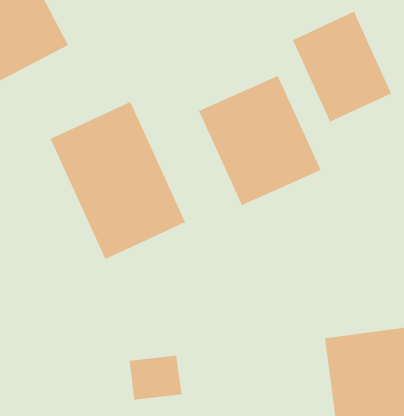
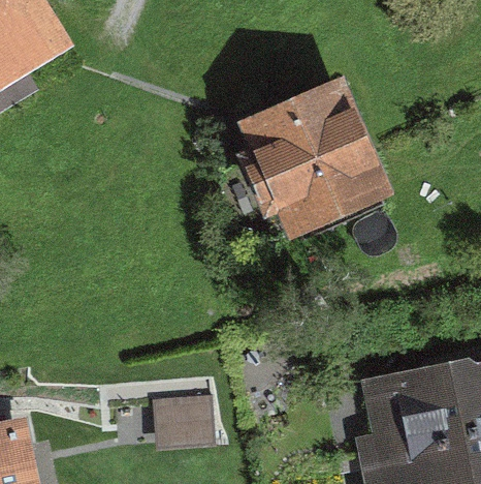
building: [292,11,392,122] -> none
building: [50,101,186,260] -> none

